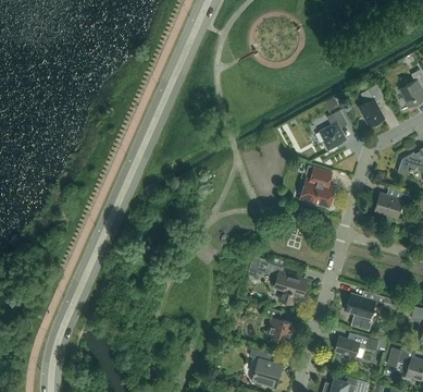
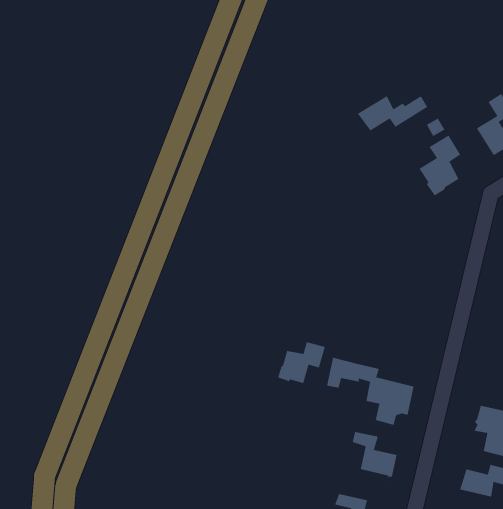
building: none -> [357,95,428,132]
building: [299,166,335,208] -> none
building: none -> [277,341,326,384]

